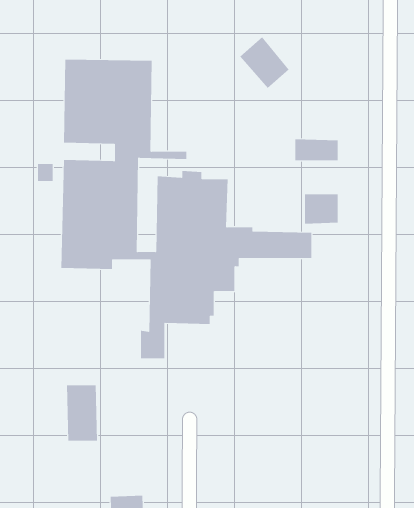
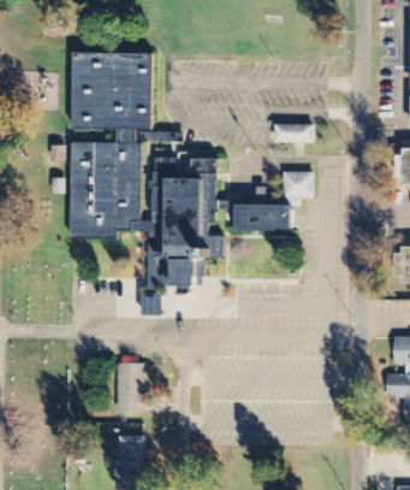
building: [239,37,290,89] -> none
building: [66,385,98,441] -> [114,364,142,413]

